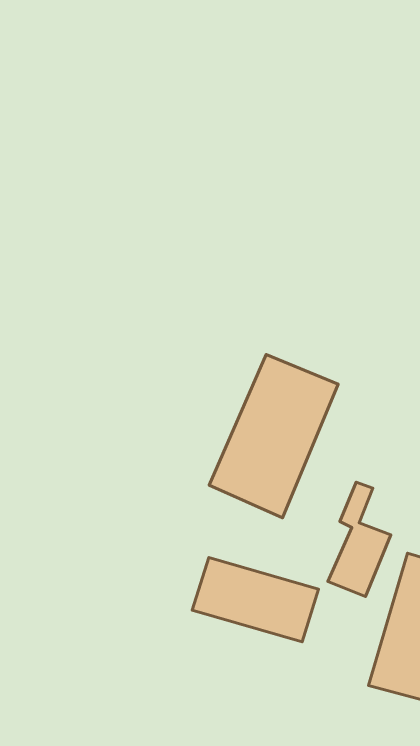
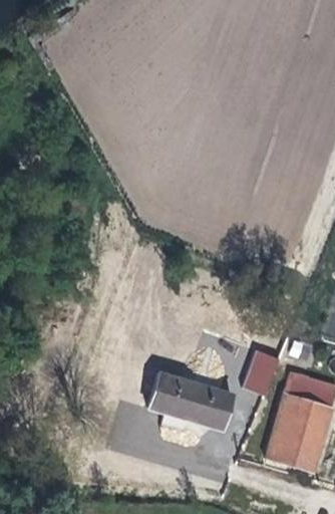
building: [209,354,338,518] -> none

